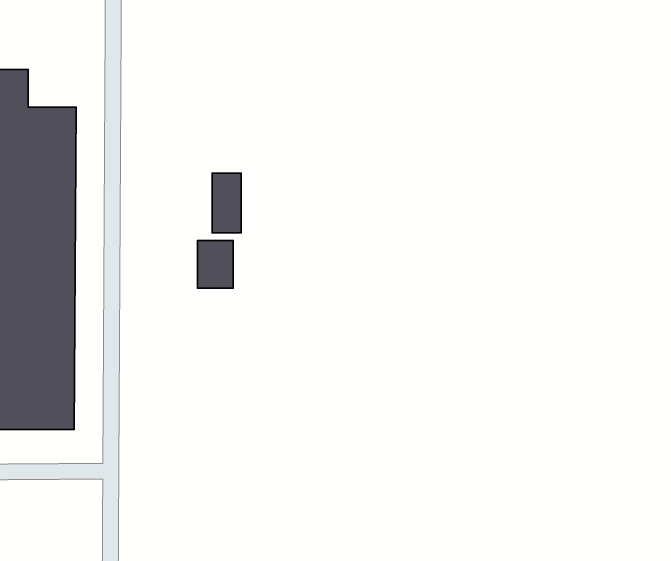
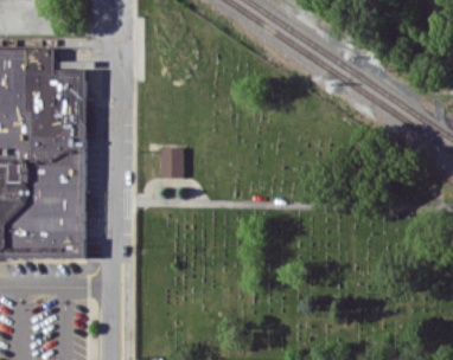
building: [212,173,241,233] -> none

